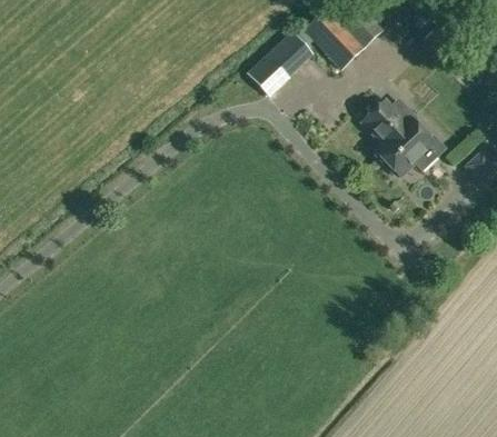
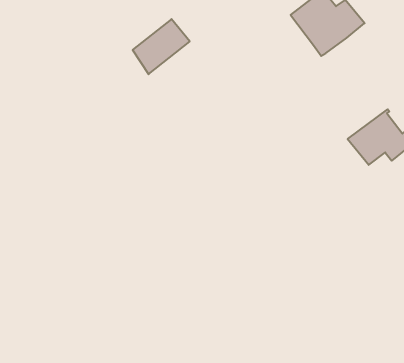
building: [254,32,311,91] -> [133,19,190,74]
building: [364,100,414,142] -> none

